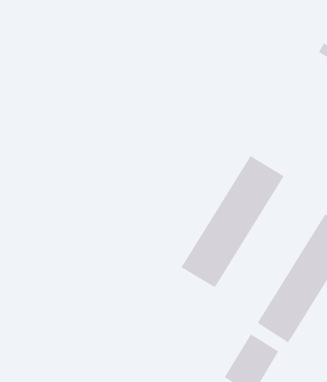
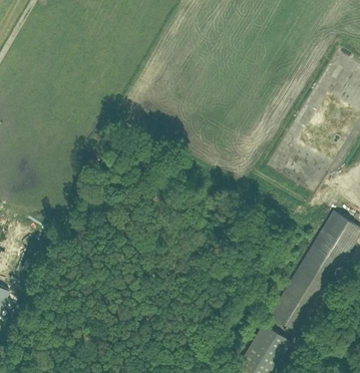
building: [181,155,285,288] -> none

